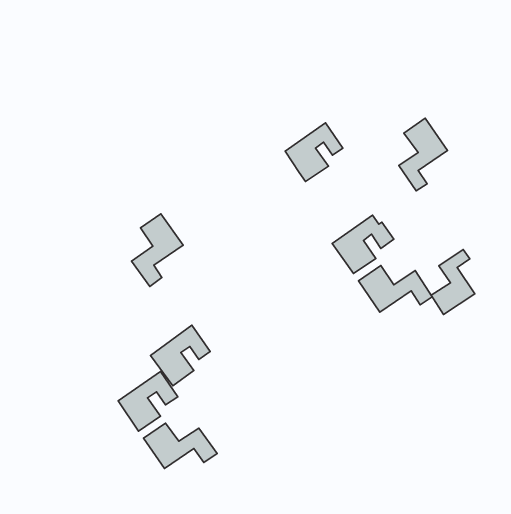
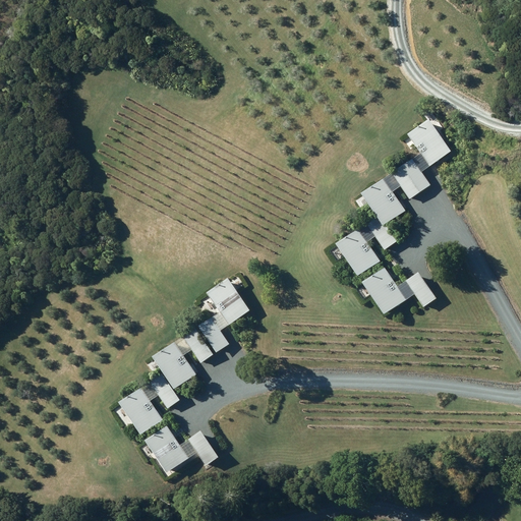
building: [285,123,343,181] -> [361,167,419,226]
building: [132,214,183,286] -> [197,279,249,352]
building: [431,249,475,315] -> none

